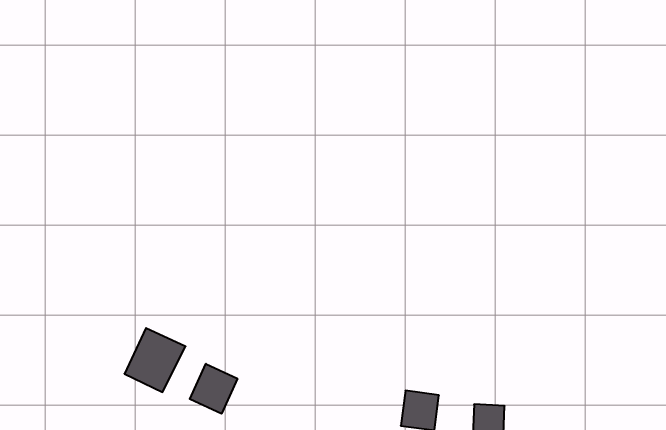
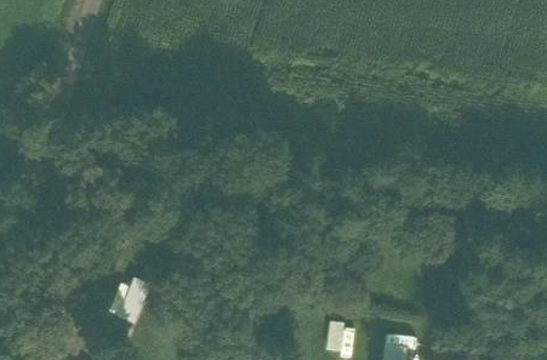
building: [190,364,237,414] -> none

